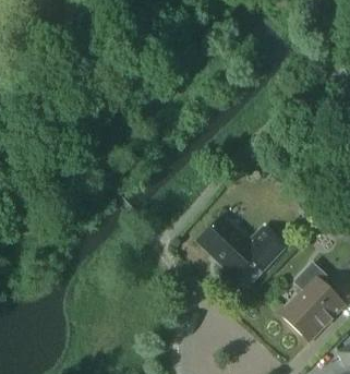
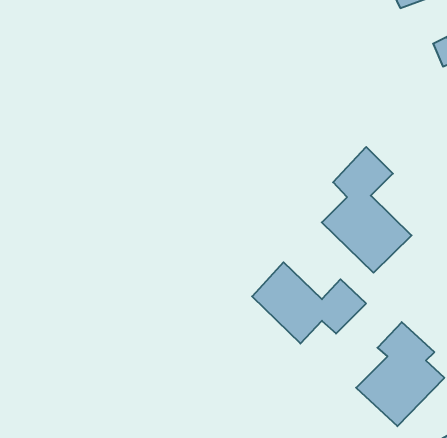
building: none -> [322,147,412,273]

